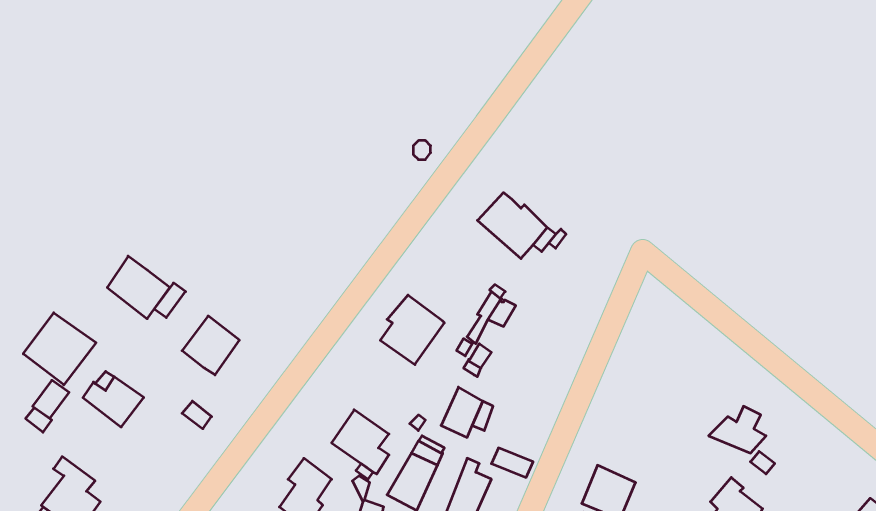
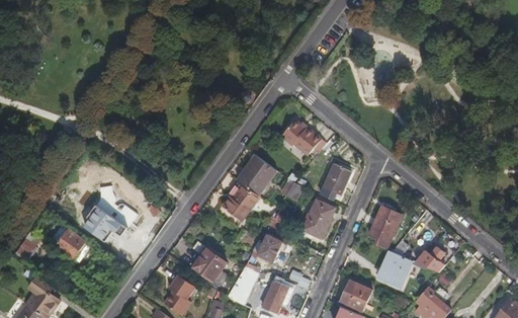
building: none -> [237,154,277,195]
building: [107,256,170,319] -> [84,205,120,241]
building: none -> [323,162,352,196]
building: [23,313,96,385] -> none
building: none -> [304,201,335,238]
building: none -> [368,207,400,249]
building: none -> [379,251,413,289]

